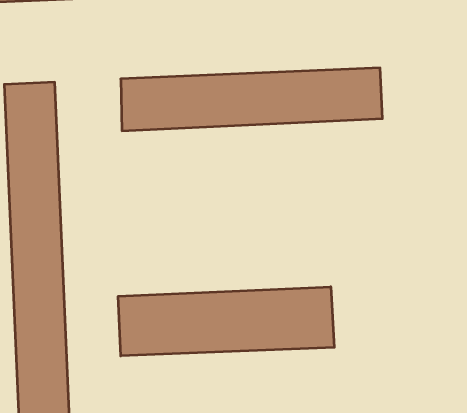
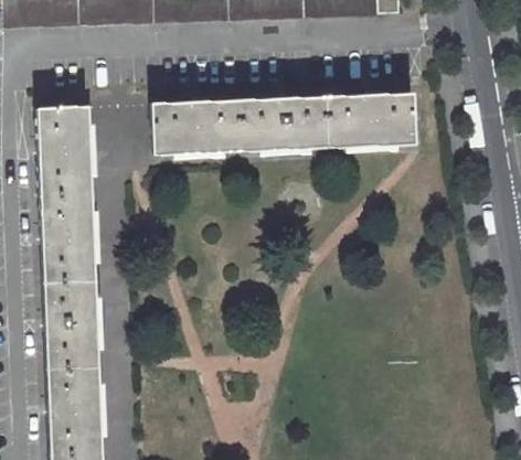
building: [118,287,334,356] -> none

